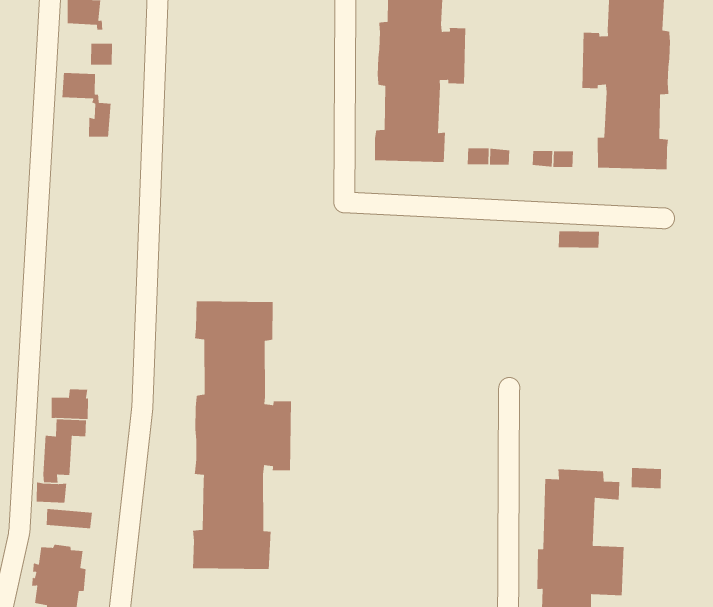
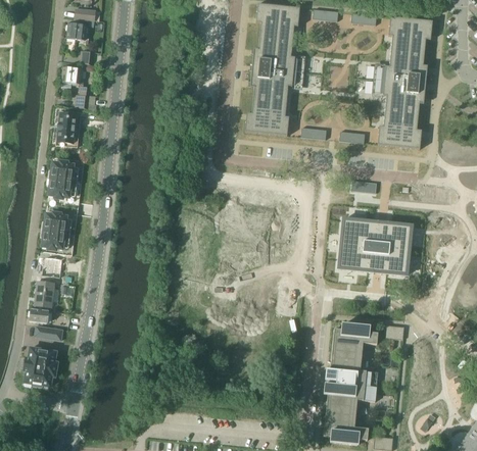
building: none -> [55,110,82,147]
building: none -> [42,161,79,250]
building: none -> [338,219,412,275]
building: [192,300,292,570] -> none

